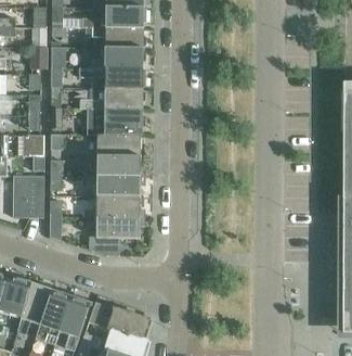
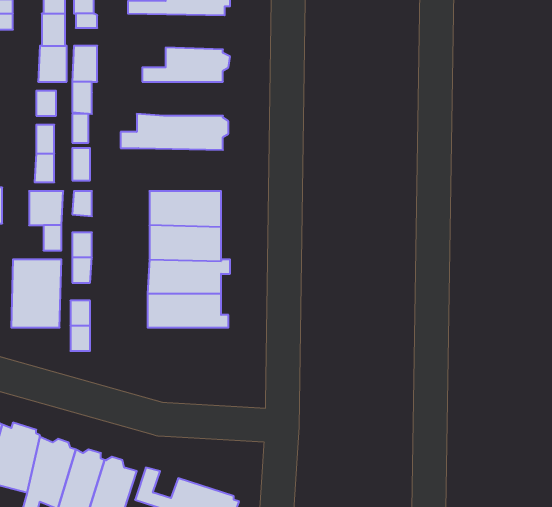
building: [82,26,145,48] -> none
building: [79,67,144,88] -> none
building: [87,107,144,134] -> none
building: [88,216,144,254] -> none

